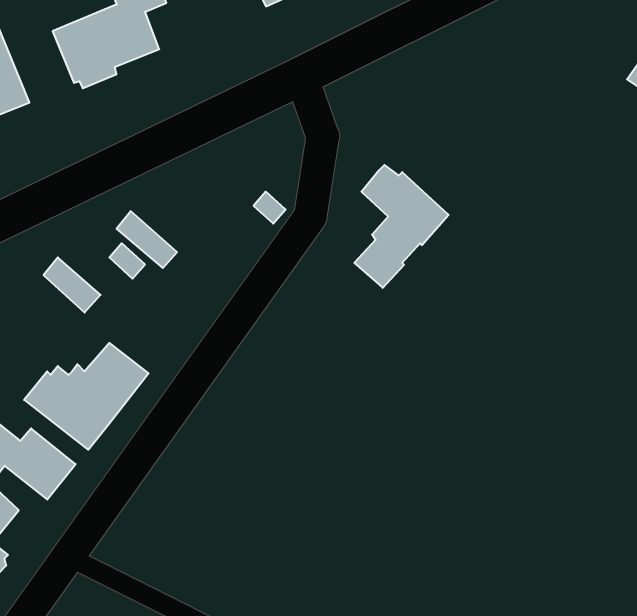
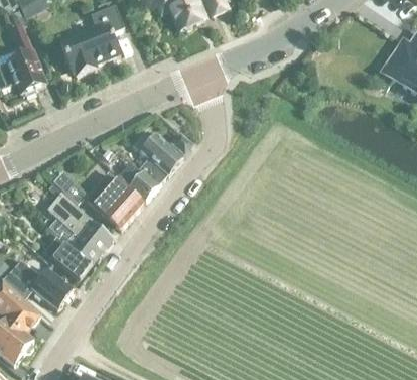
building: [354,165,449,288] -> [129,129,182,199]
building: none -> [94,179,142,228]
building: none -> [46,189,91,235]

